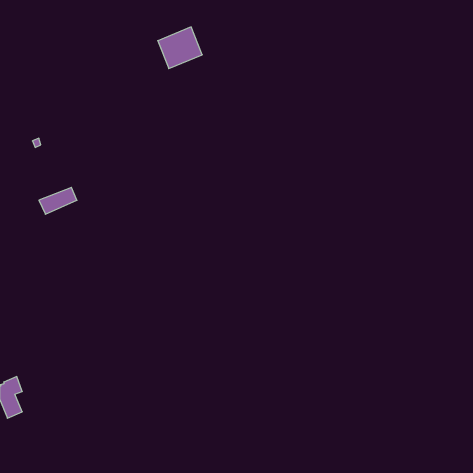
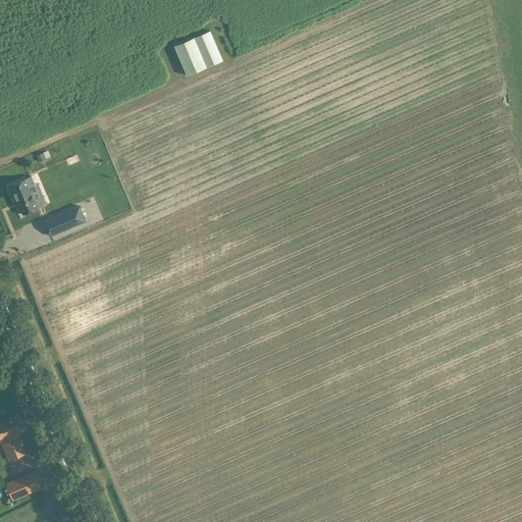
building: none -> [9,177,38,215]
building: none -> [6,472,40,500]

